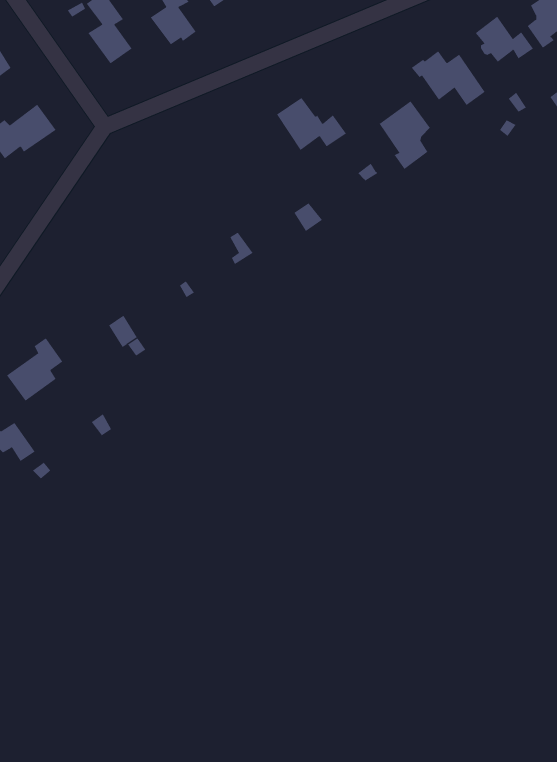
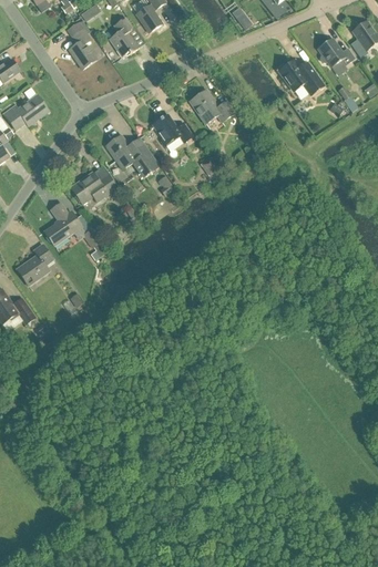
building: [379,100,431,170] -> none
building: none -> [152,112,192,142]
building: none -> [105,134,159,176]
building: none -> [70,171,115,202]
building: none -> [43,202,81,244]

